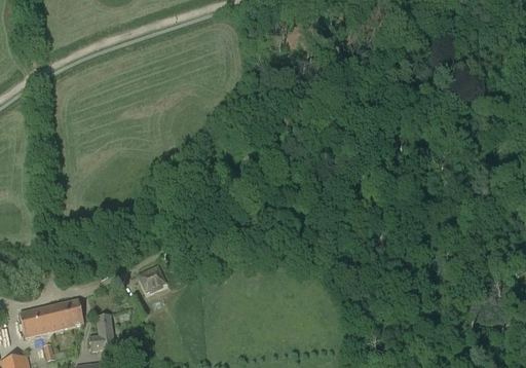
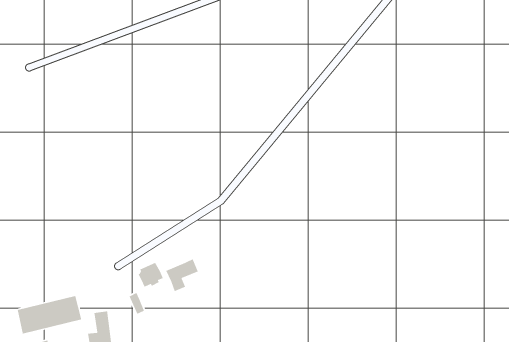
building: none -> [165,258,199,292]

